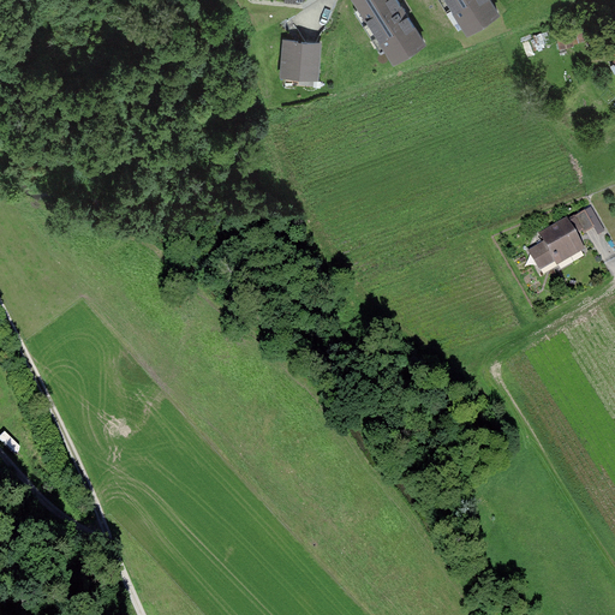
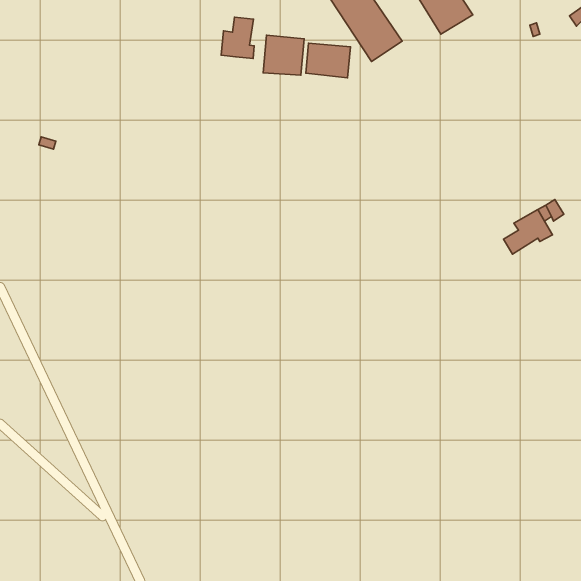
building: none -> [221,17,254,58]
building: none -> [306,43,350,78]

